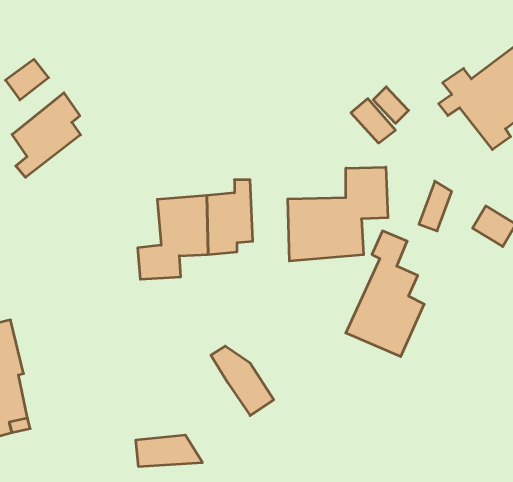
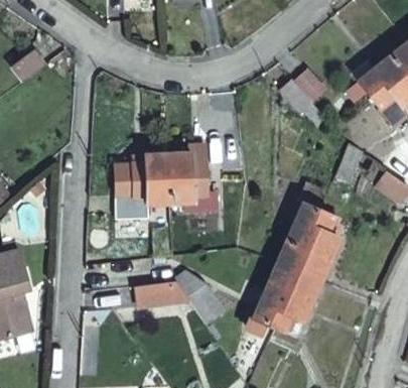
building: [12,93,81,177] -> none
building: [288,167,388,261] -> none
building: none -> [246,260,320,338]
building: [136,435,202,466] -> [136,277,187,301]

